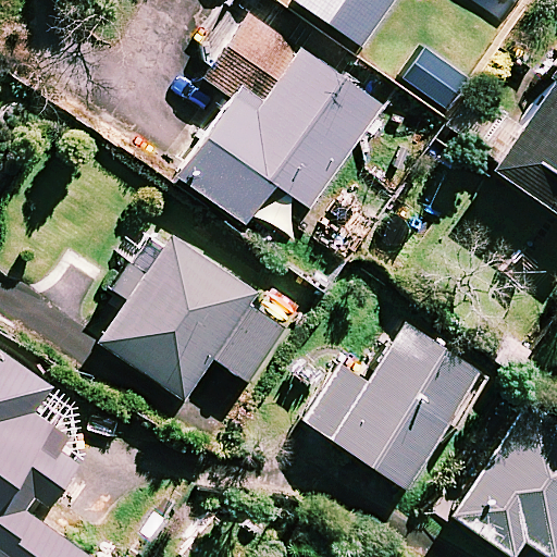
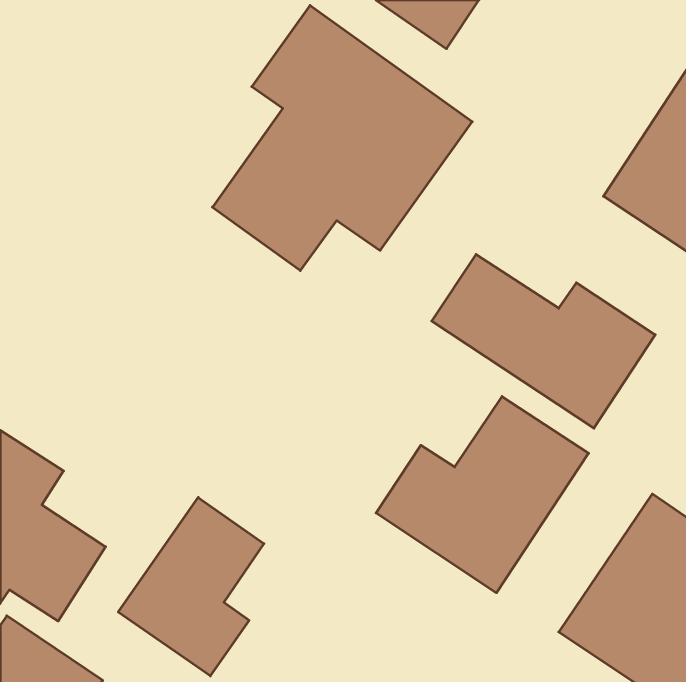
building: none -> [432,254,655,428]
building: [99,236,292,401] -> none
building: none -> [118,497,264,676]

